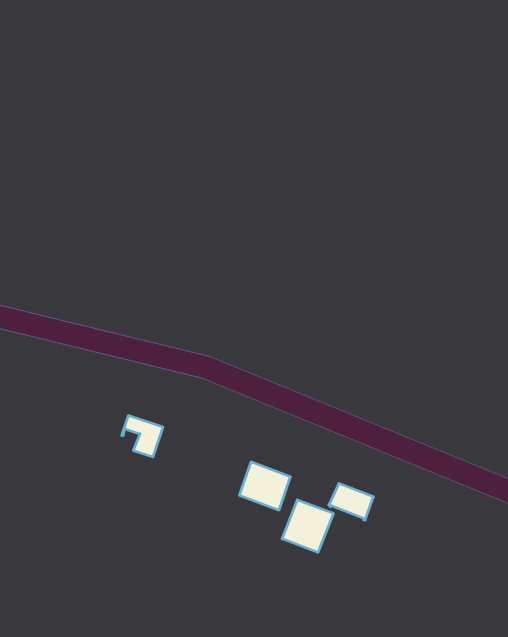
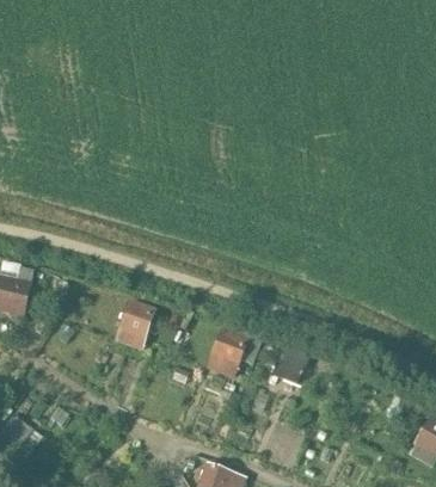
building: [282,500,333,552] -> none

